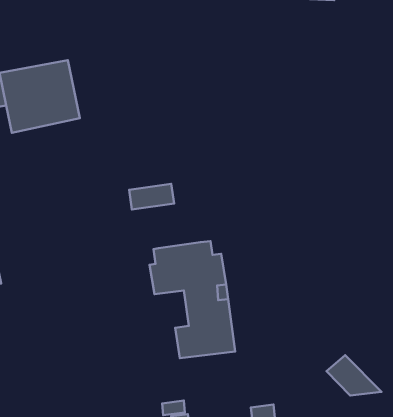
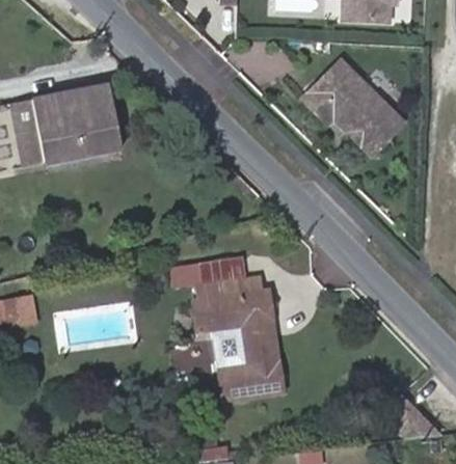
building: none -> [302,58,403,152]
building: [129,184,174,209] -> [198,256,246,283]

